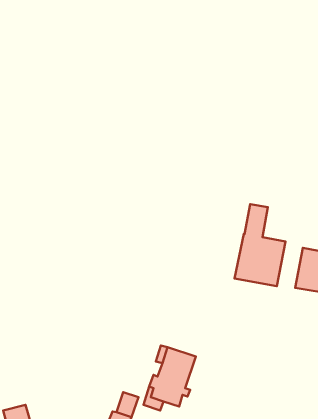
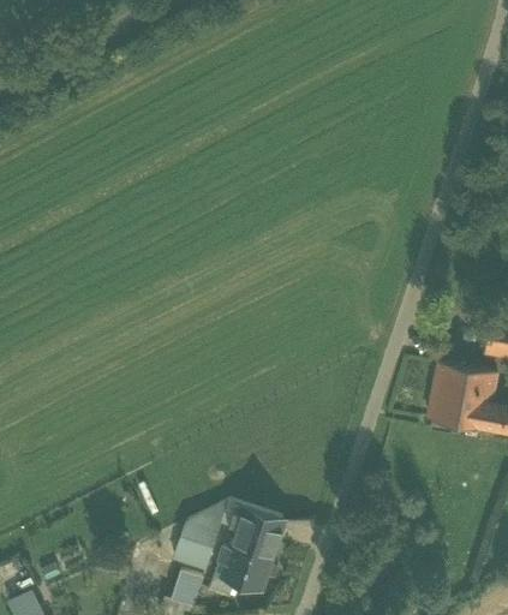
building: [234,204,285,286] -> none
building: none -> [173,518,219,569]

